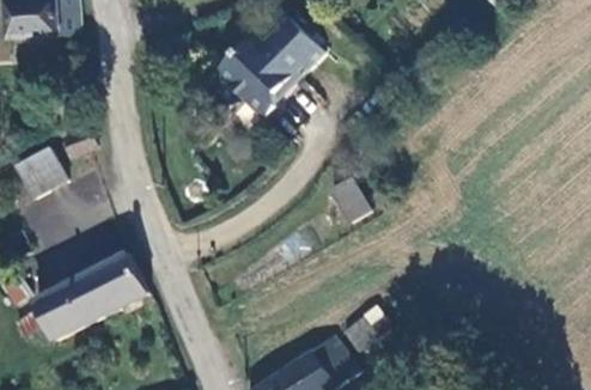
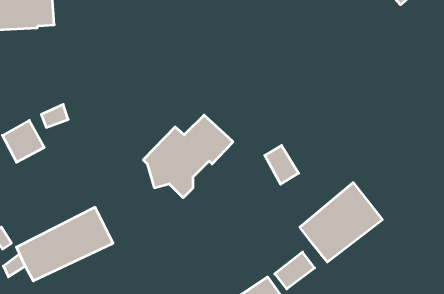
building: [215,18,323,117] -> [143,115,233,198]
building: none -> [300,183,382,262]

